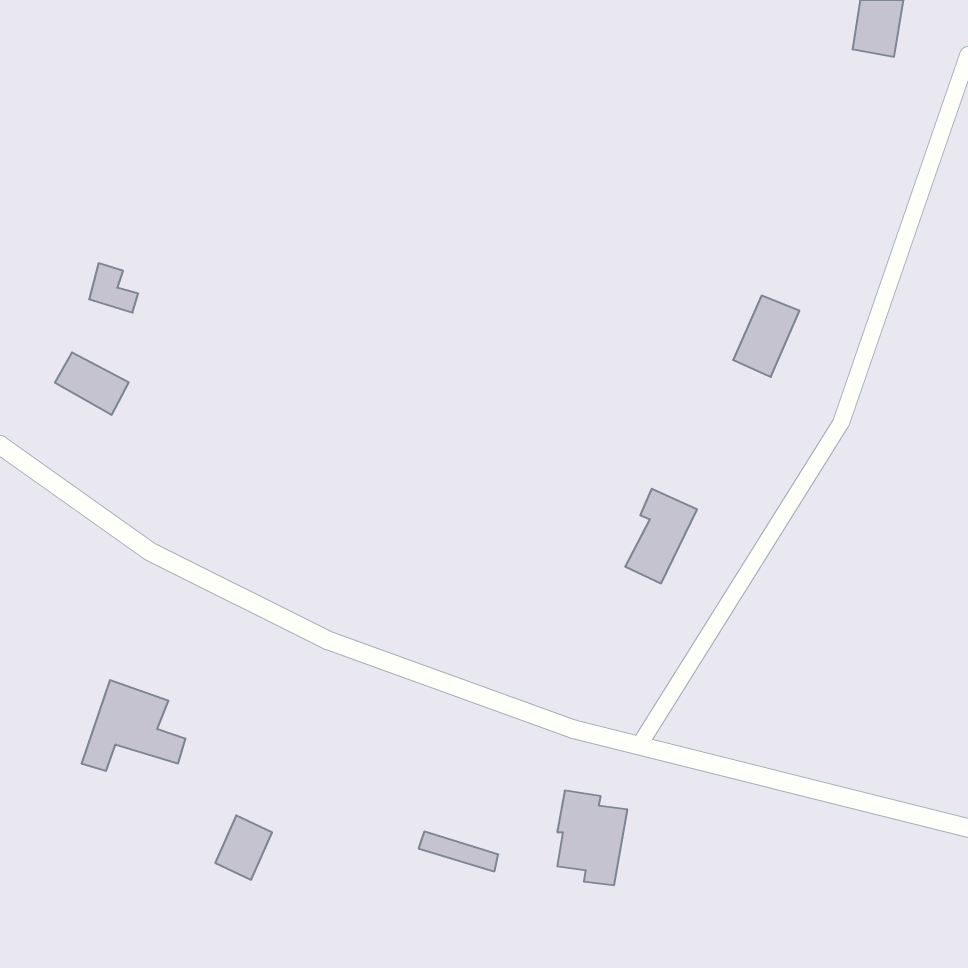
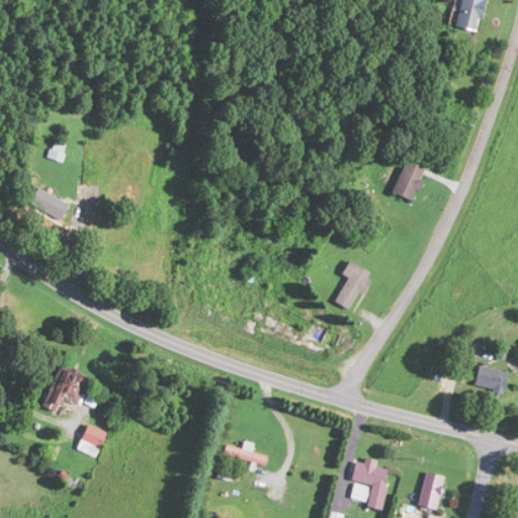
building: none -> [474,365,509,393]
building: [557,791,627,885] -> [351,459,388,510]
building: [215,815,272,880] -> [77,424,107,458]
building: none -> [418,471,445,510]

